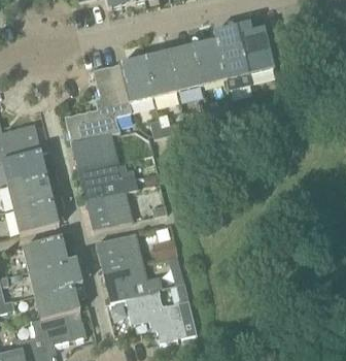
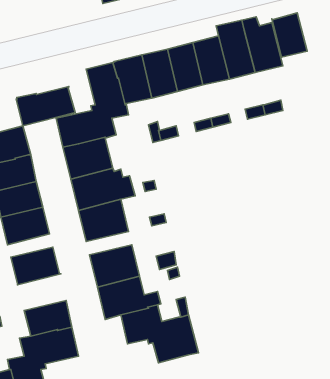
building: none -> [272,13,307,57]
building: none -> [16,87,75,126]
building: [29,258,83,294] -> none

